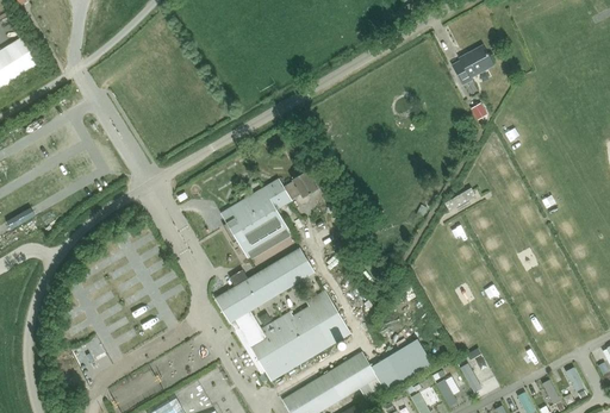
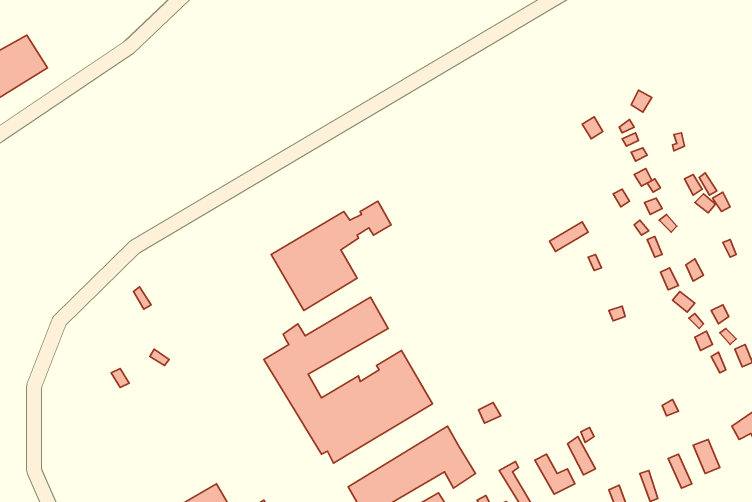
building: [452,45,492,85] -> none
building: [372,339,430,389] -> none

